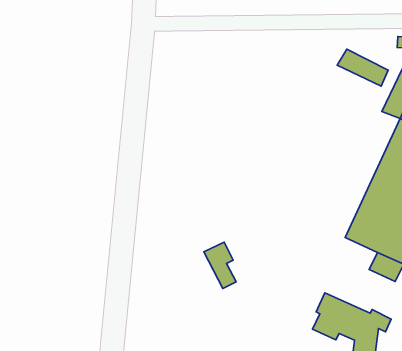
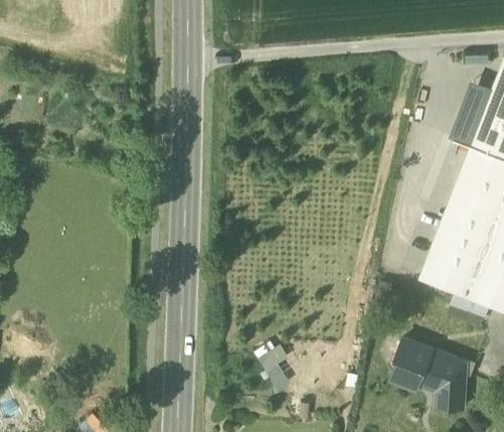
building: [337,49,388,86] -> none
building: [204,242,236,288] -> [251,338,289,389]

